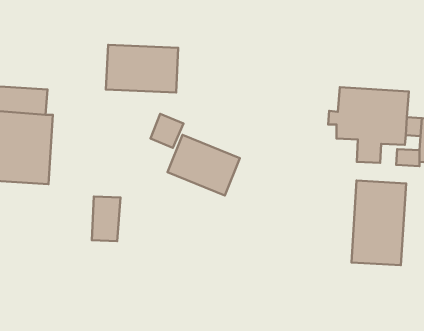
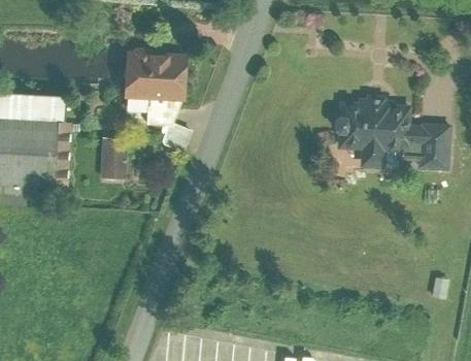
building: [167,135,240,196] -> none
building: [351,181,406,265] -> none
building: [92,196,121,241] -> [101,139,129,183]

